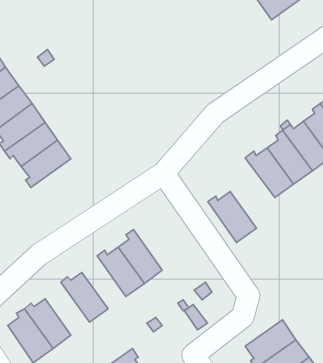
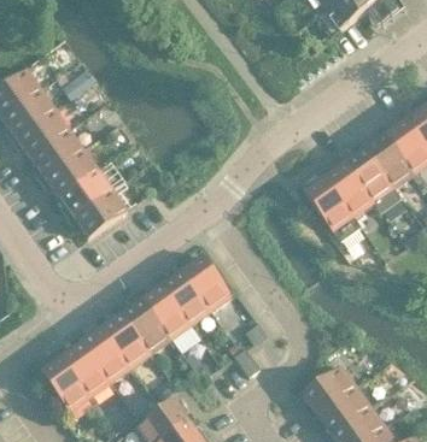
building: none -> [69,189,128,238]
building: [208,192,257,242] -> [181,255,234,311]
building: none -> [124,295,172,353]
building: none -> [84,324,133,382]

